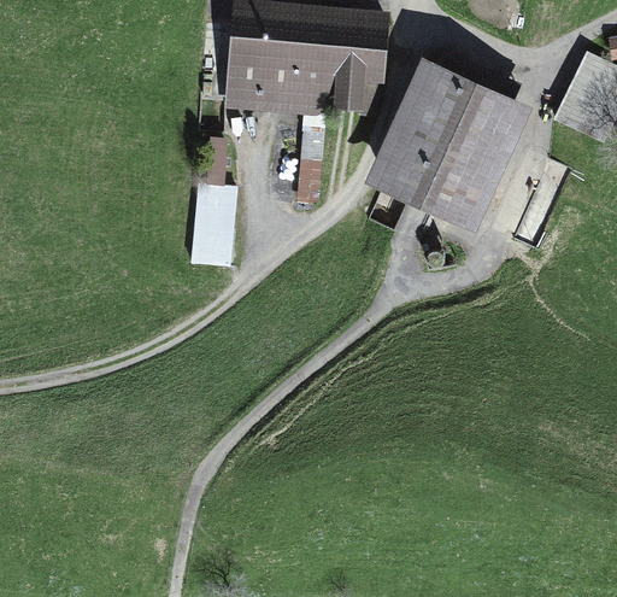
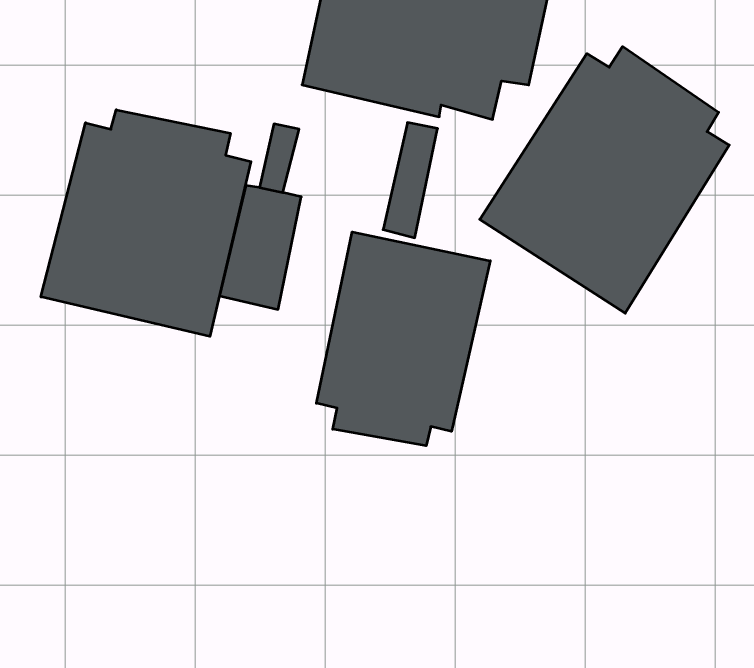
building: none -> [41,110,251,336]
building: none -> [316,232,490,446]

